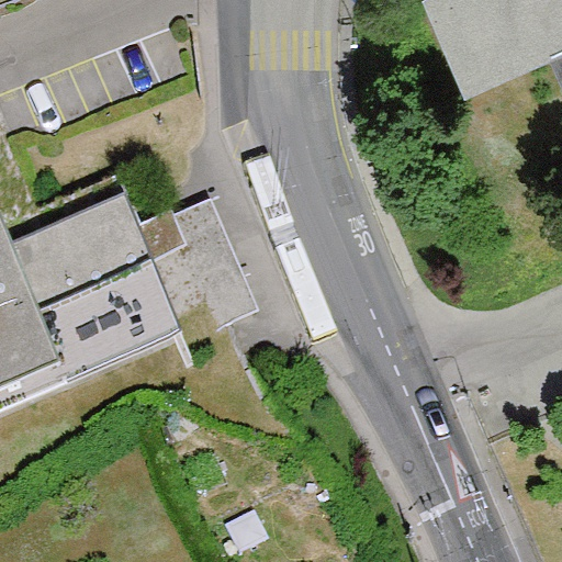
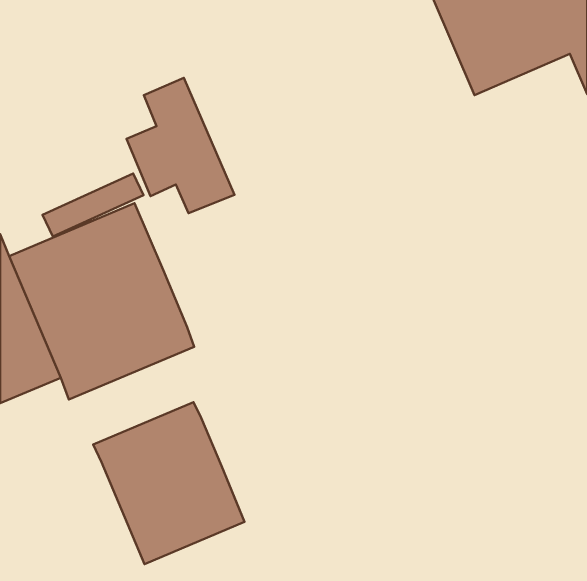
building: [156,200,259,329] -> [126,78,234,213]
building: none -> [93,402,245,564]

